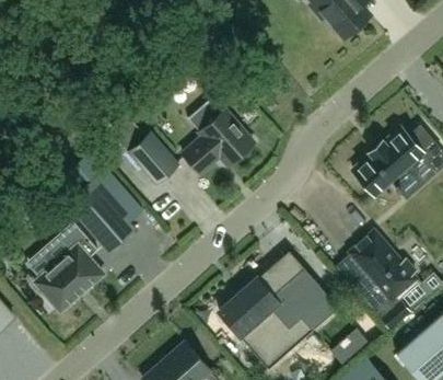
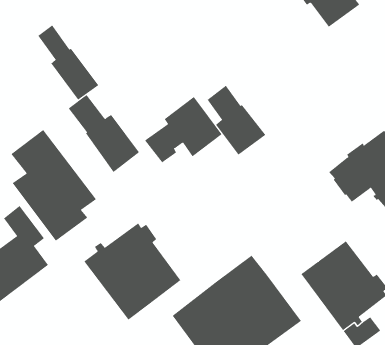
building: none -> [38,25,99,100]
building: none -> [207,85,266,155]
building: none -> [83,223,181,321]

